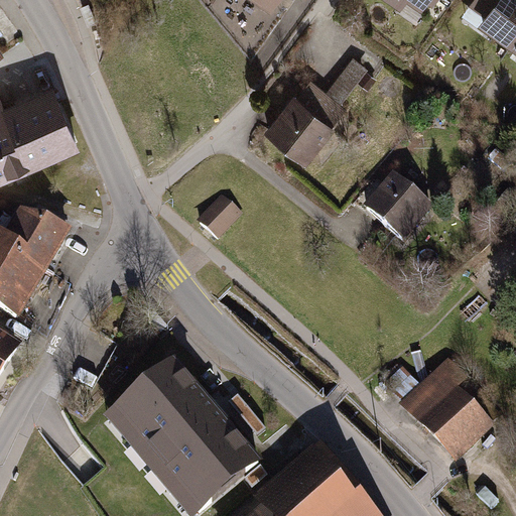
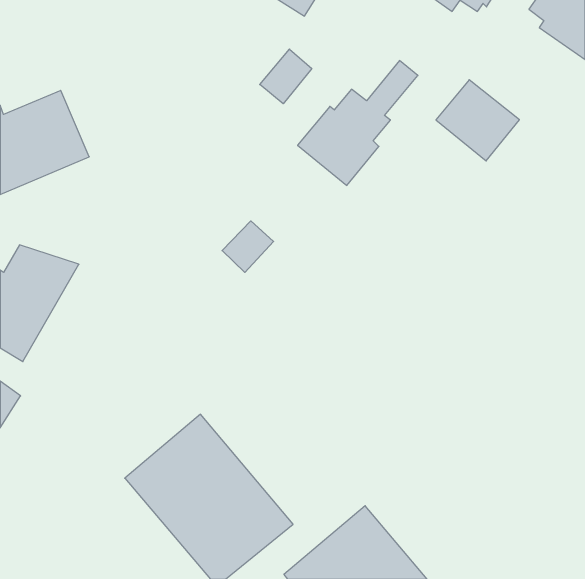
building: none -> [260,49,312,104]
building: [357,173,430,245] -> [436,80,519,161]
building: [404,360,490,455] -> none

